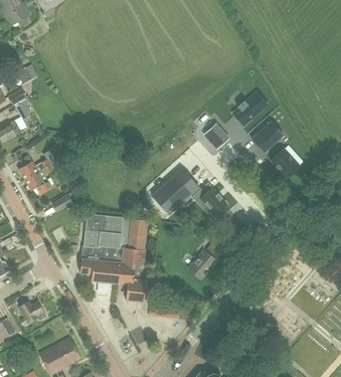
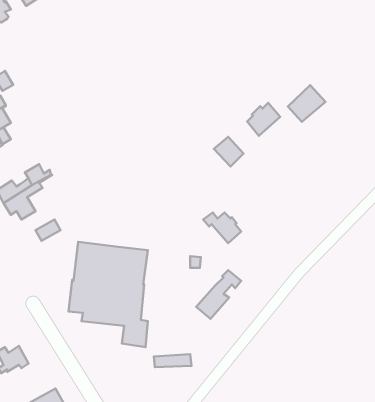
building: [251,121,284,152] -> [288,85,326,122]
building: [271,148,300,177] -> none
building: [152,168,199,214] -> none

